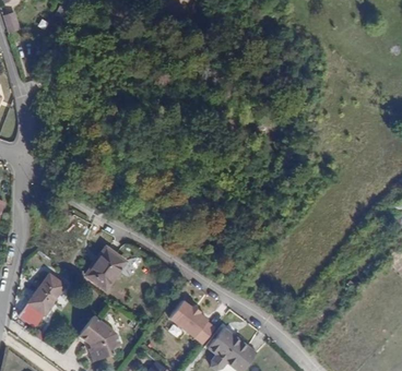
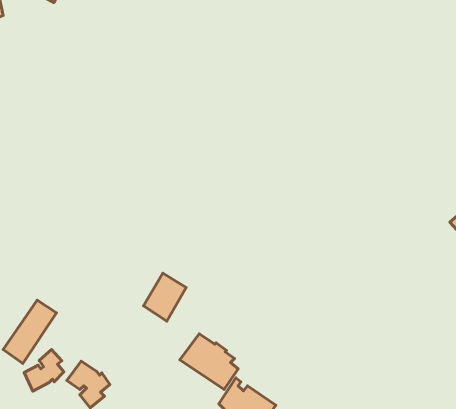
building: [84,243,120,284] -> [143,273,186,321]
building: none -> [24,349,64,391]

